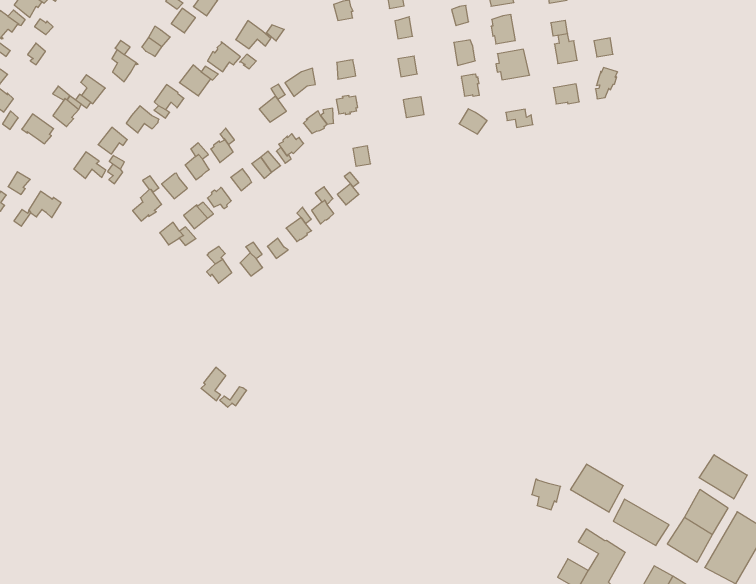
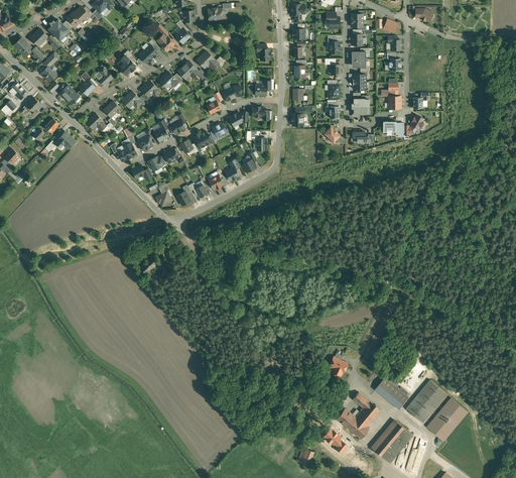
building: [699,455,747,499] -> none
building: [571,464,623,512] -> none

